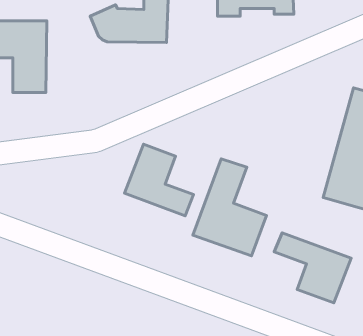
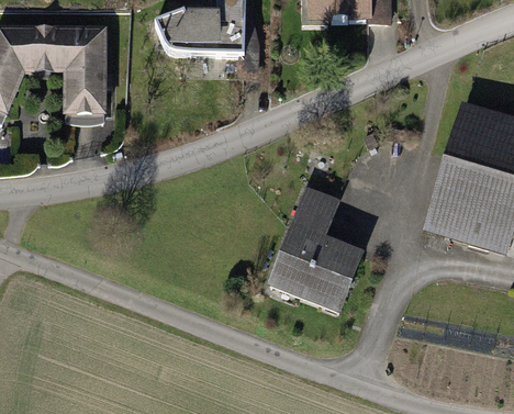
building: [125,144,194,216] -> none
building: [274,233,351,303] -> none

